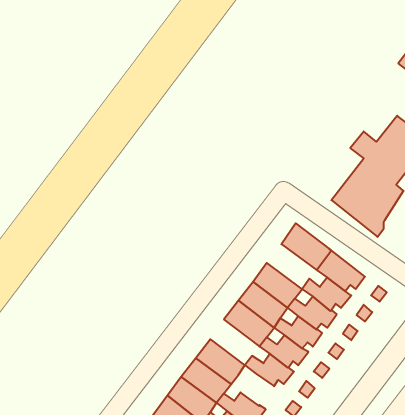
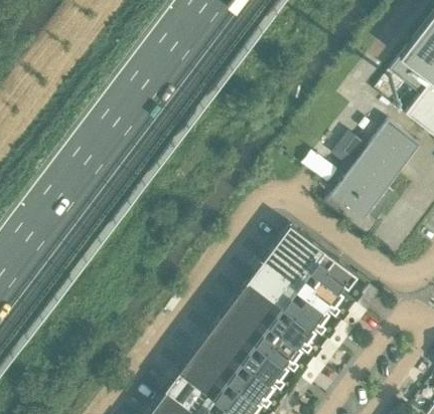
building: none -> [263,244,311,287]
building: none -> [208,317,256,361]
building: none -> [229,369,275,400]

